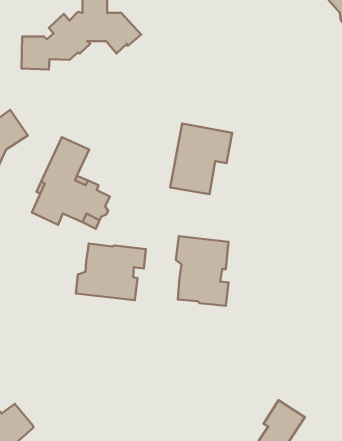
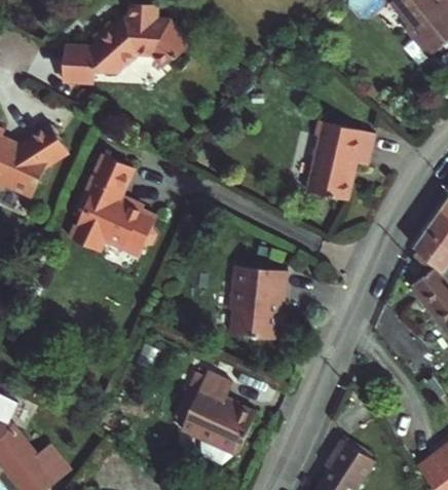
building: [170,124,232,194] -> [310,123,378,200]
building: [76,244,146,300] -> none
building: none -> [180,372,253,464]

